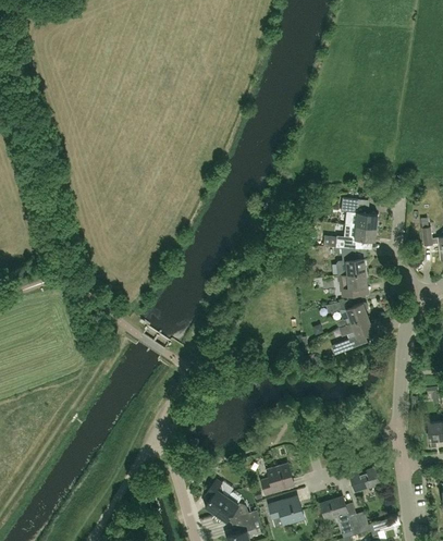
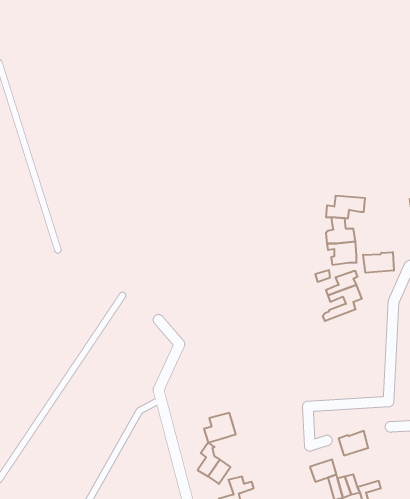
building: [341,198,379,228] -> none
building: none -> [363,252,394,273]
building: [261,464,294,494] -> [204,413,236,443]
building: [269,496,305,525] -> none

